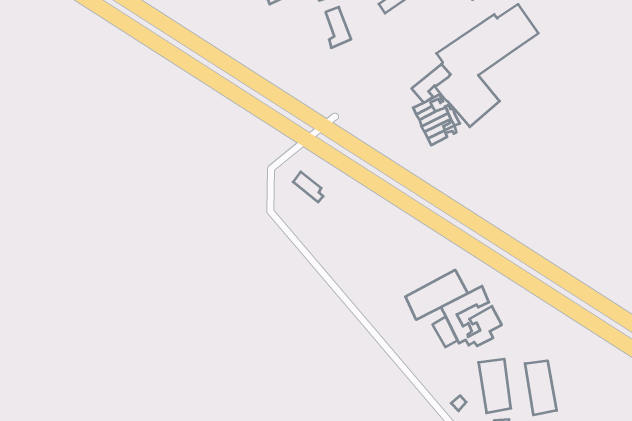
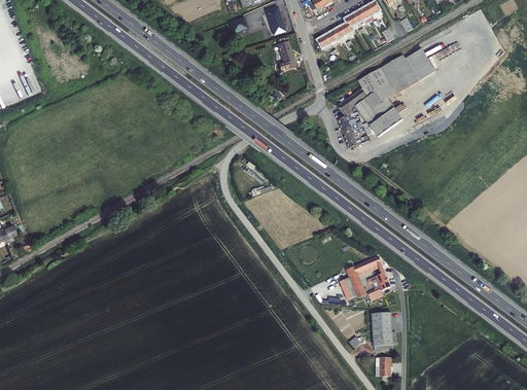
building: [405,270,468,320] -> none
building: [525,361,557,415] -> none

